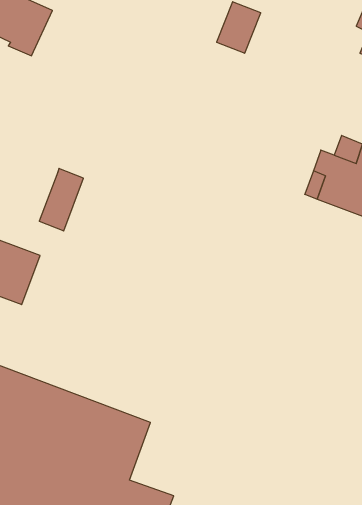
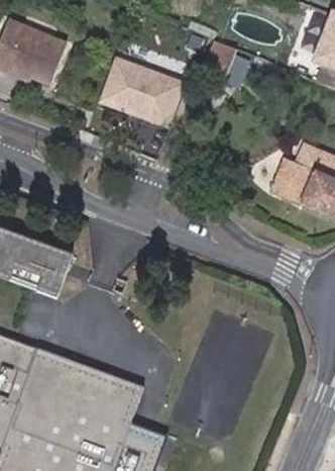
building: none -> [97,60,184,132]
building: [39,168,83,231] -> [36,246,73,297]

